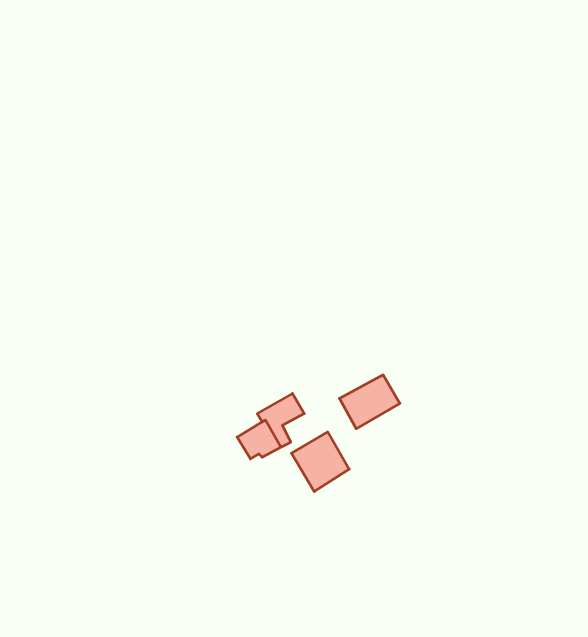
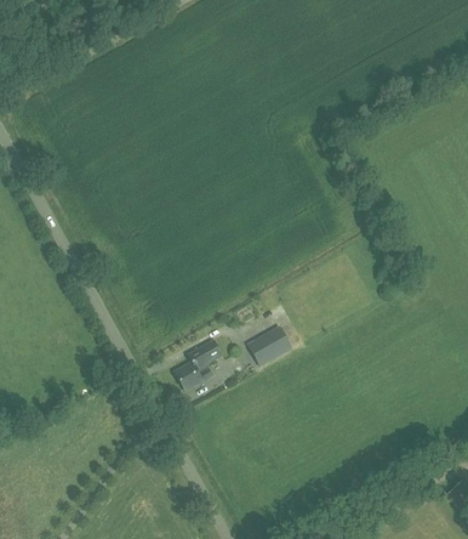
building: [291,432,349,492] -> none

